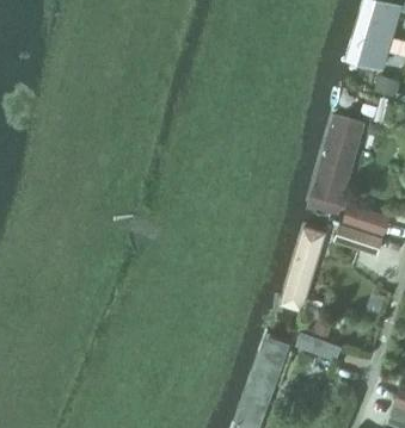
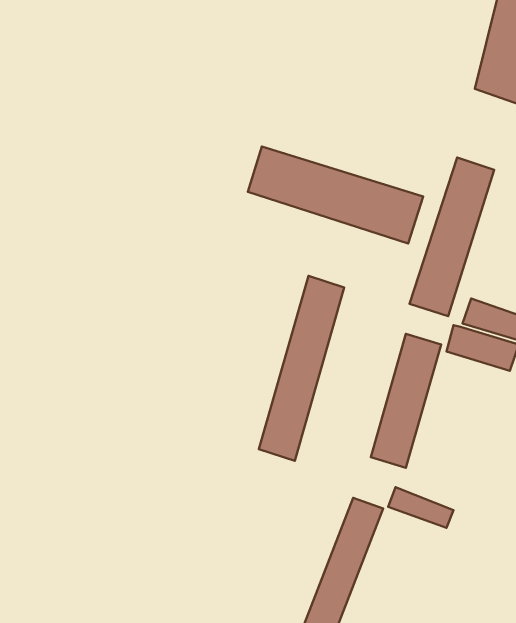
building: none -> [248,146,423,244]
building: none -> [259,276,344,461]

